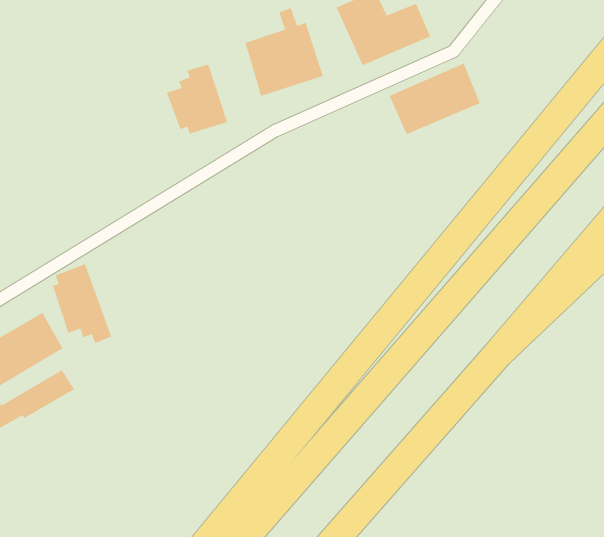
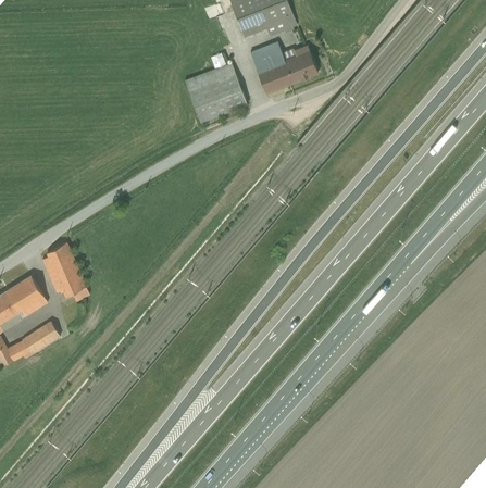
building: [388,62,481,135] -> none
building: [166,64,228,134] -> none

